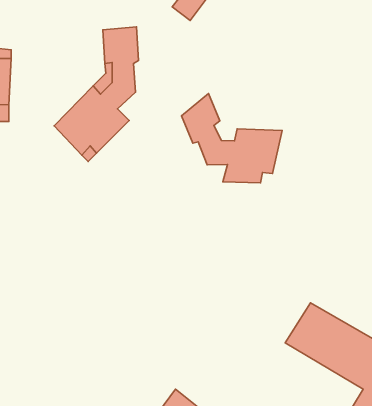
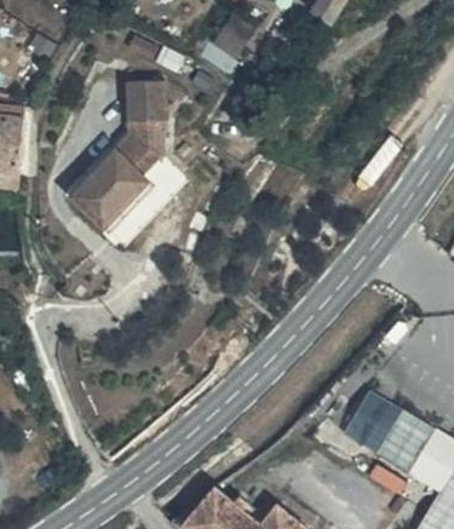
building: [182,93,282,183] -> none

